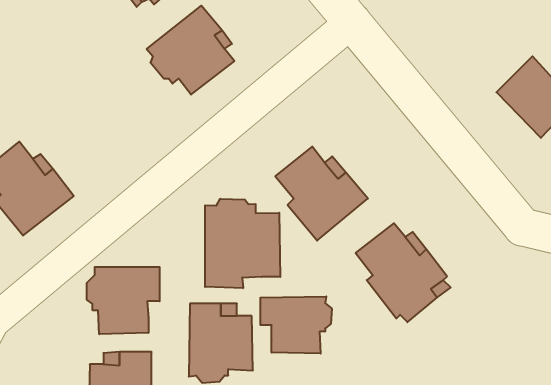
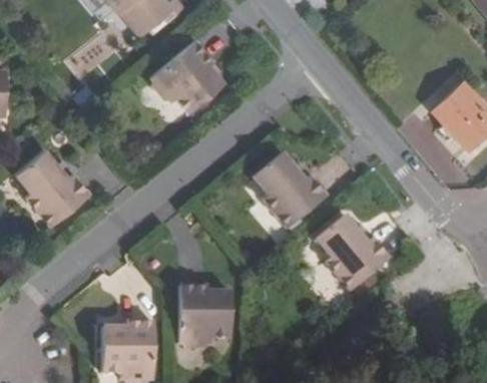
building: [205,199,280,288] -> none
building: [87,267,160,334] -> none
building: [260,296,332,354] -> none

